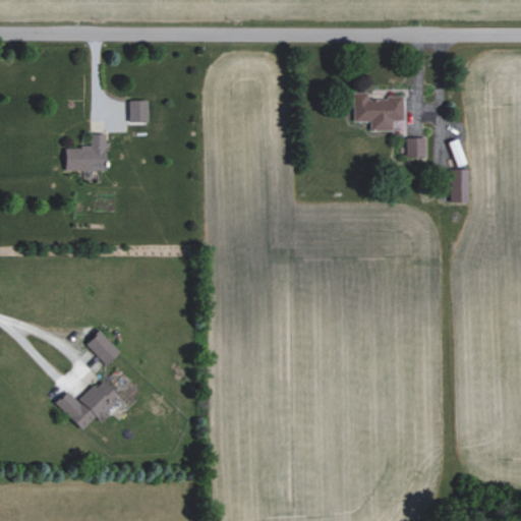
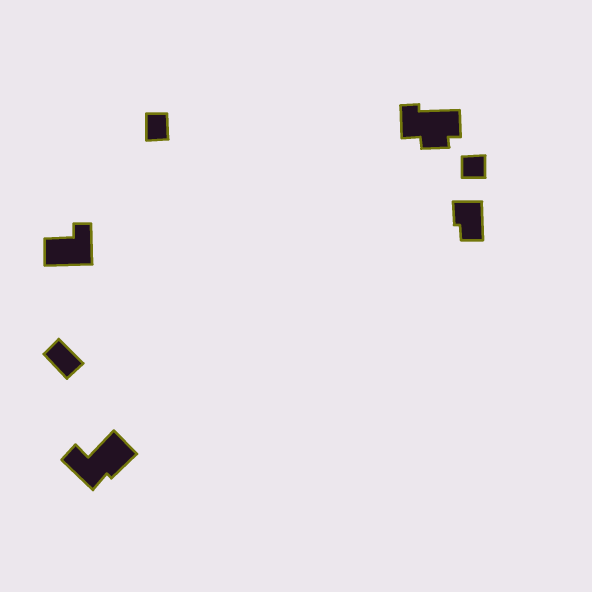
building: [65,134,107,171] -> [45,224,92,265]
building: [444,169,470,202] -> [453,202,483,240]
building: [85,331,120,365] -> [44,339,83,379]

